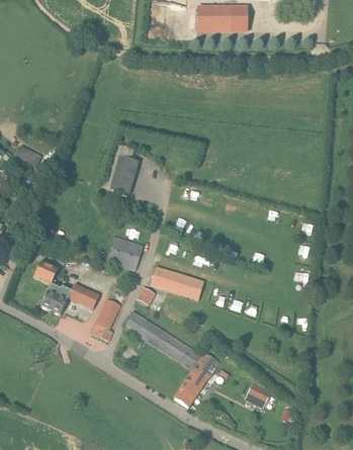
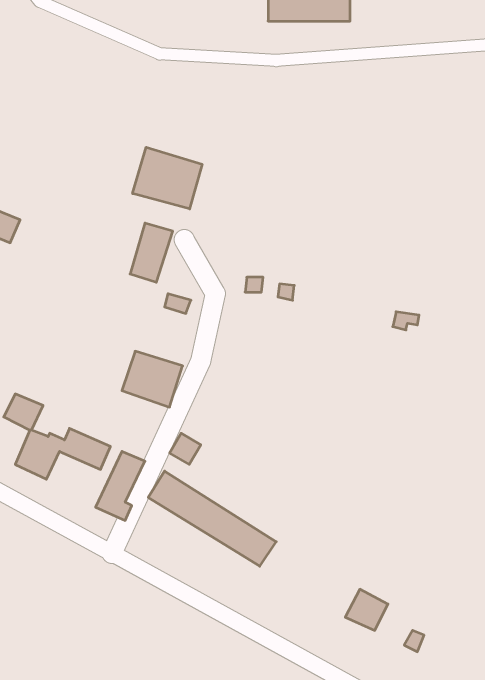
building: none -> [133,147,202,209]
building: [150,265,204,299] -> none
building: [174,351,218,407] -> none

